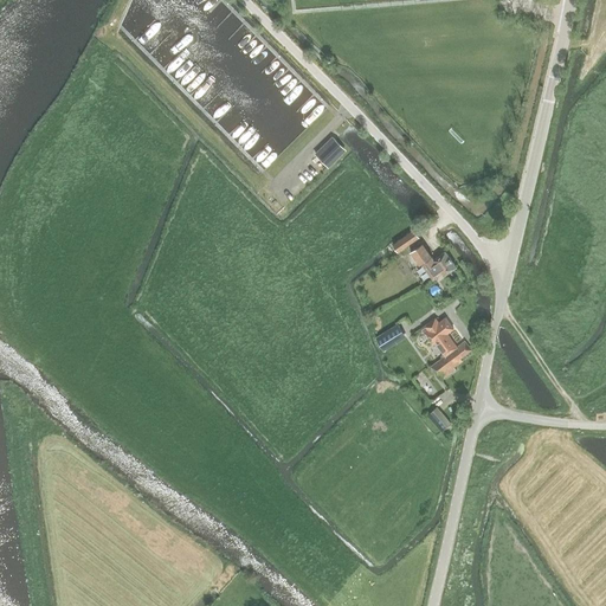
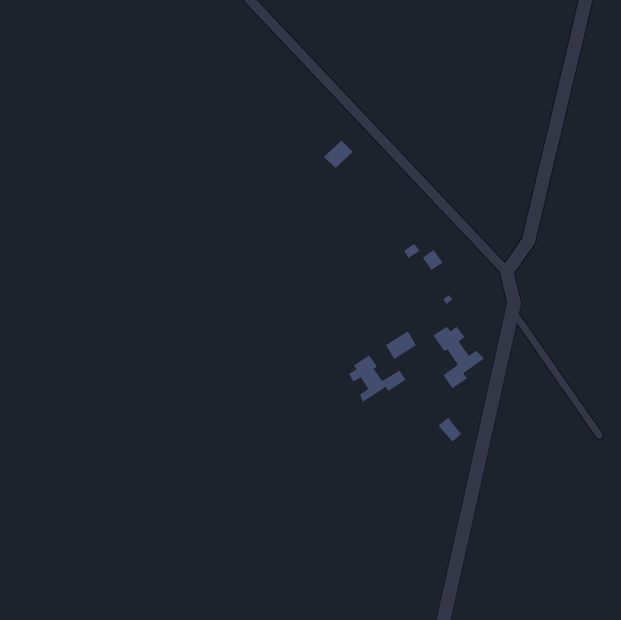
building: [421,251,456,279] -> none
building: none -> [348,354,406,403]

